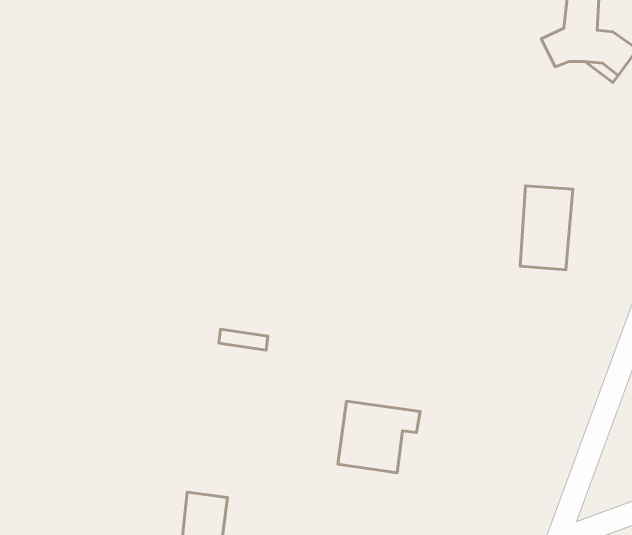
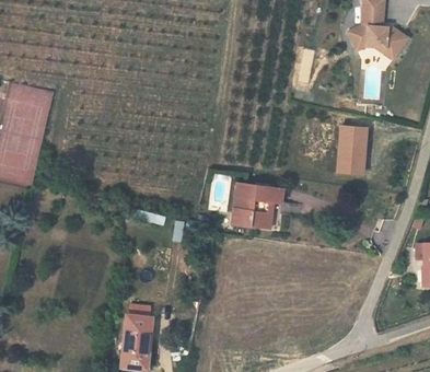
building: [338,401,420,473] -> [233,184,284,229]

